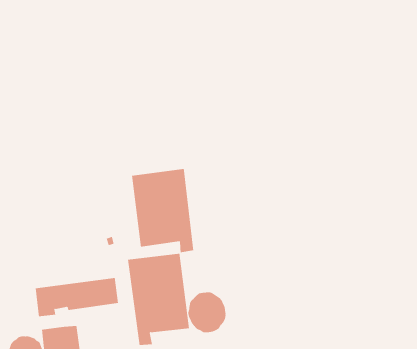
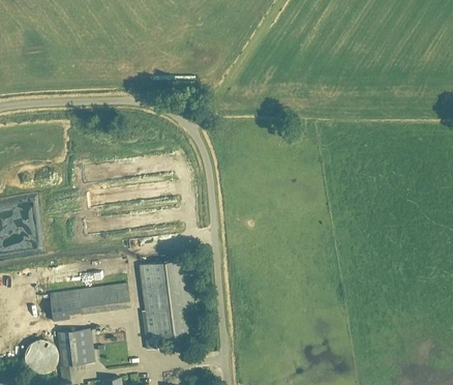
building: [131,168,194,253] -> none
building: [188,291,226,333] -> none

